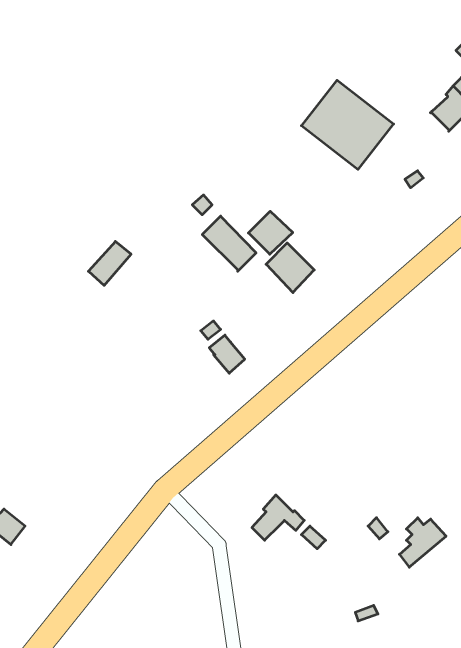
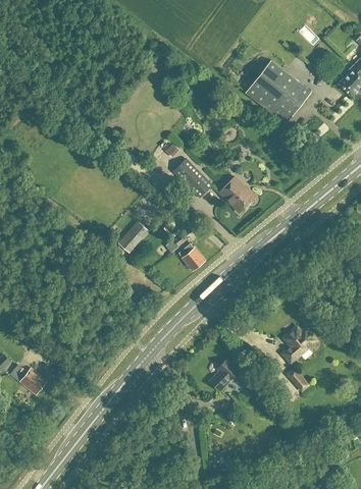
building: [248,211,293,254] -> none
building: [88,241,131,285] -> [117,221,148,253]
building: [399,518,446,567] -> [282,327,316,363]

